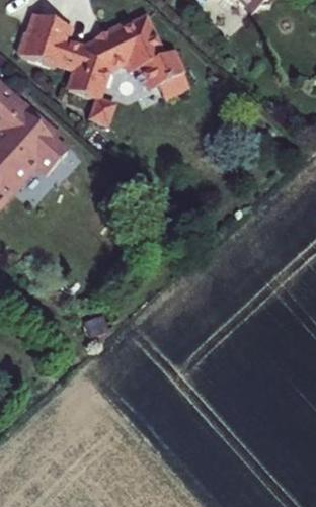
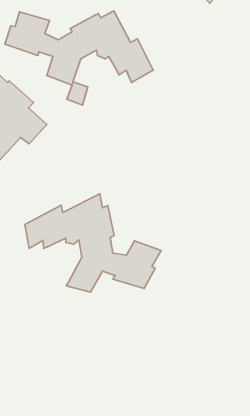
building: none -> [25,194,161,292]

